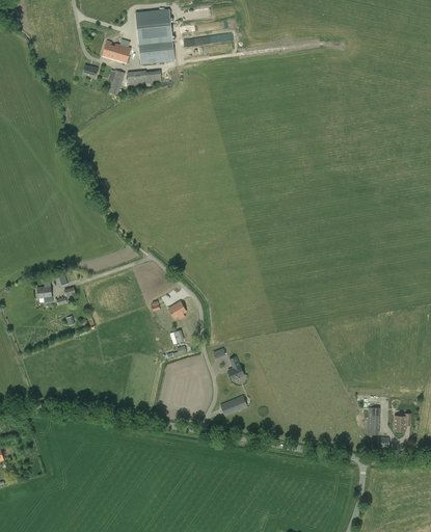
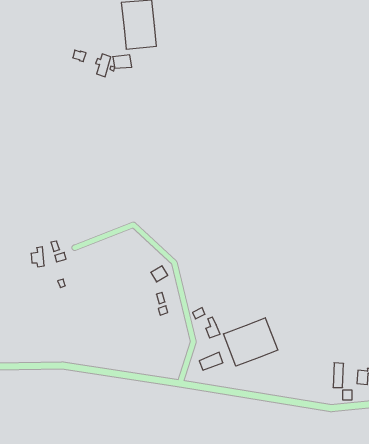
building: [102,41,131,62] -> none
building: none -> [223,318,278,366]

